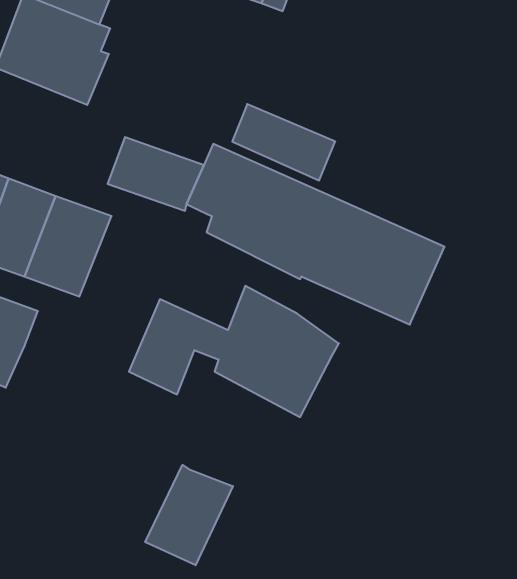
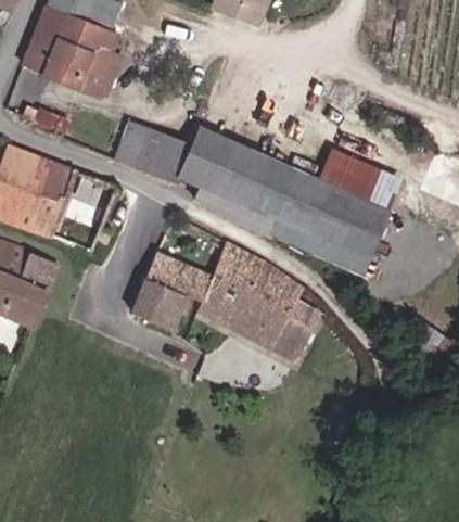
building: [232,104,335,180] -> [317,149,400,211]
building: none -> [270,298,318,360]
building: [145,465,233,565] -> none

